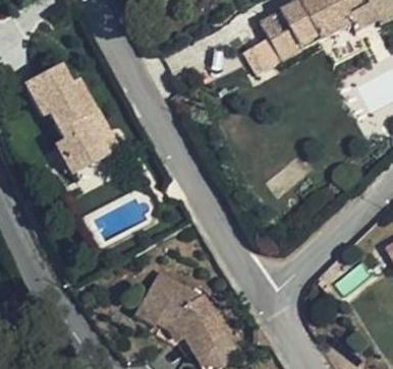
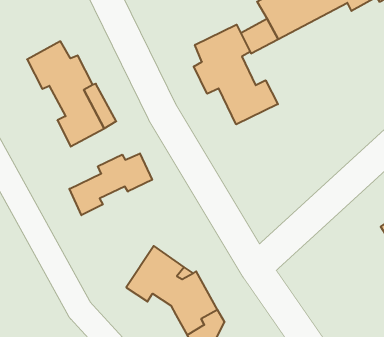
building: none -> [194,25,278,124]
building: none -> [69,153,152,215]

